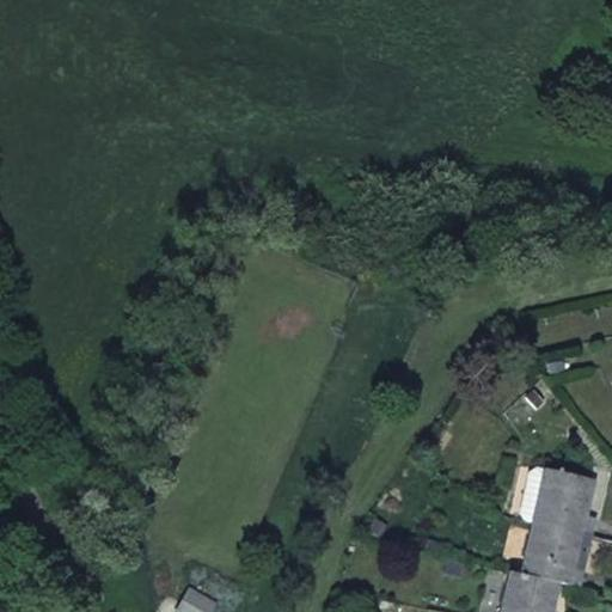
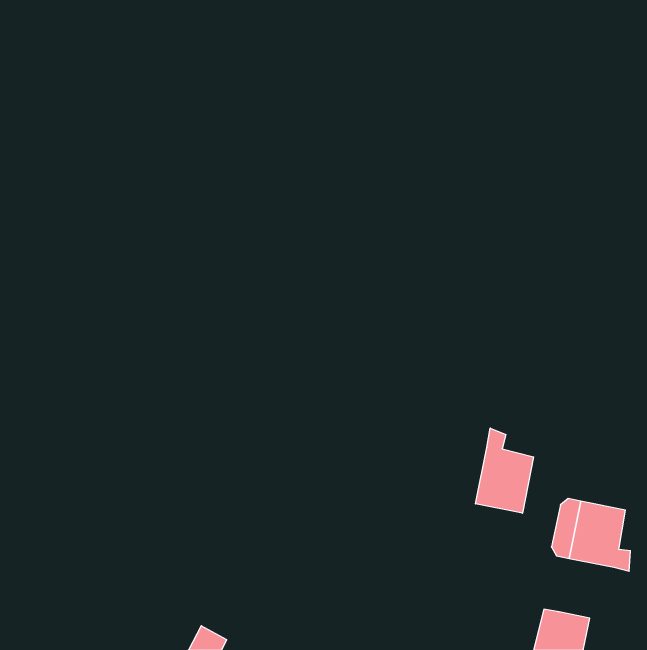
building: none -> [476,428,534,513]
building: [528,525,583,587] -> none

